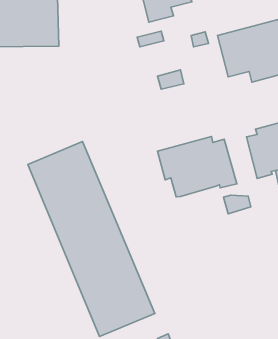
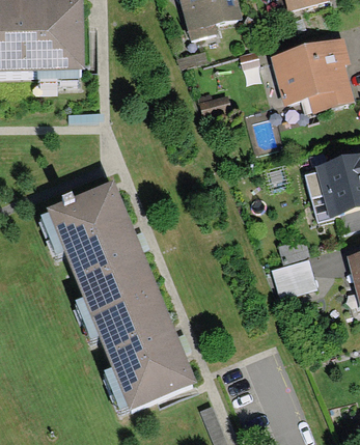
building: [157,137,237,197] -> none
building: none -> [271,260,316,301]

